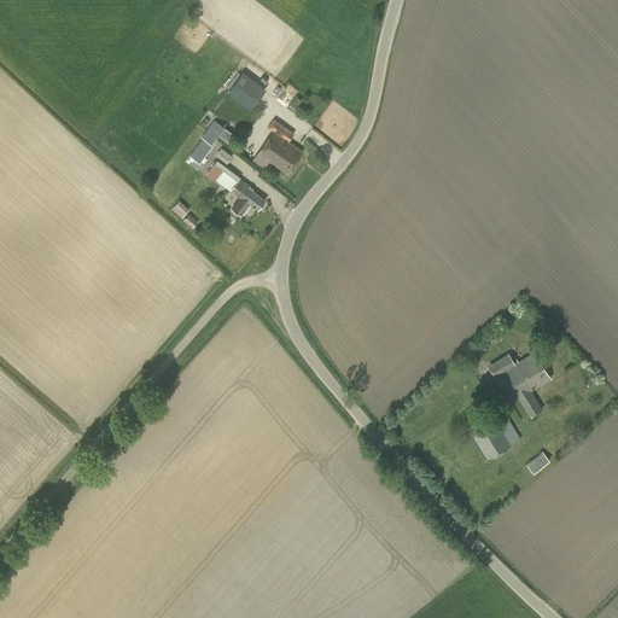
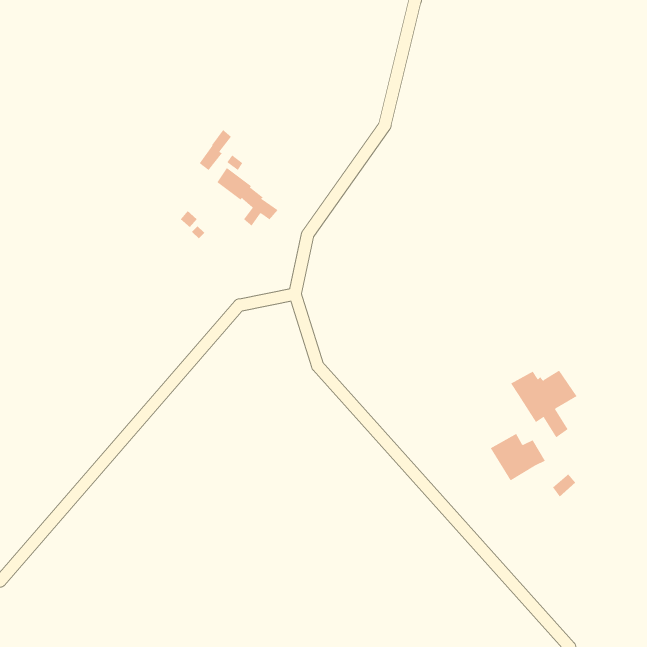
building: [227,72,266,111] -> none
building: [251,119,303,174] -> none

